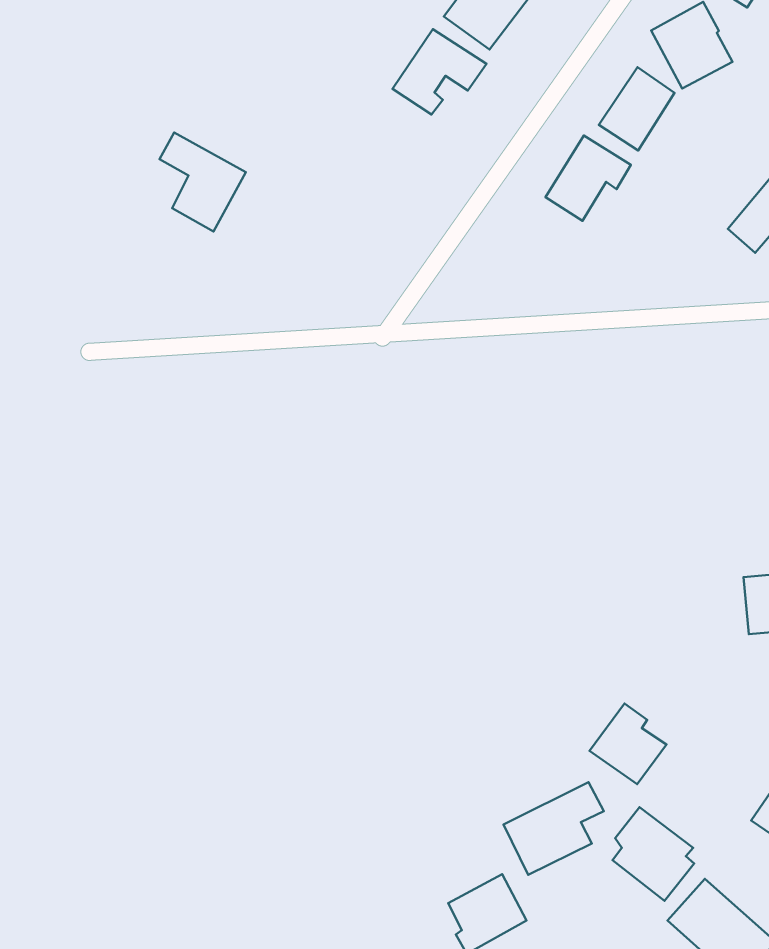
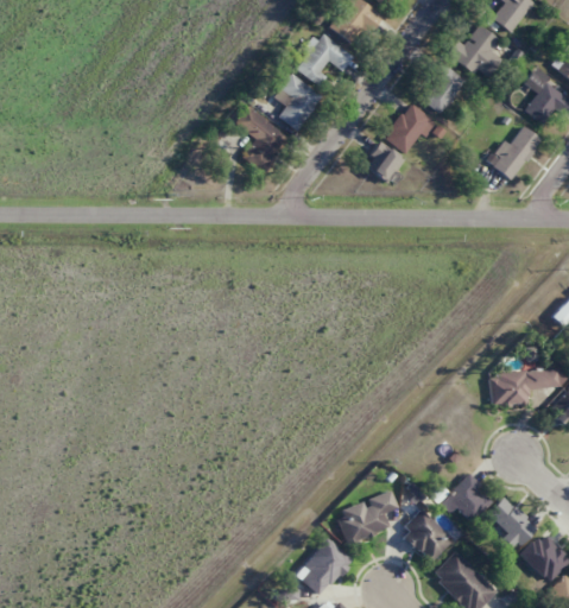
building: none -> [279,74,322,131]
building: [160,133,246,232] -> [239,108,290,169]
building: none -> [365,141,404,182]
building: [590,703,667,784] -> [445,474,492,522]

